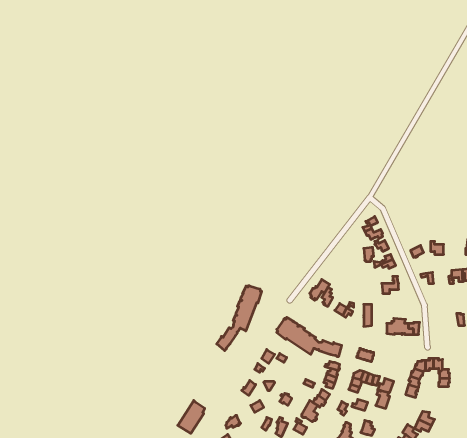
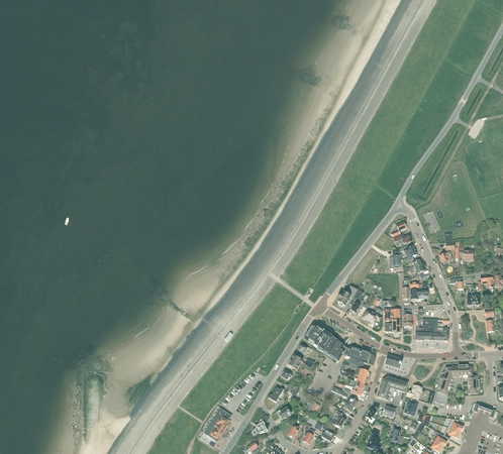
building: [217,286,262,351] -> none

